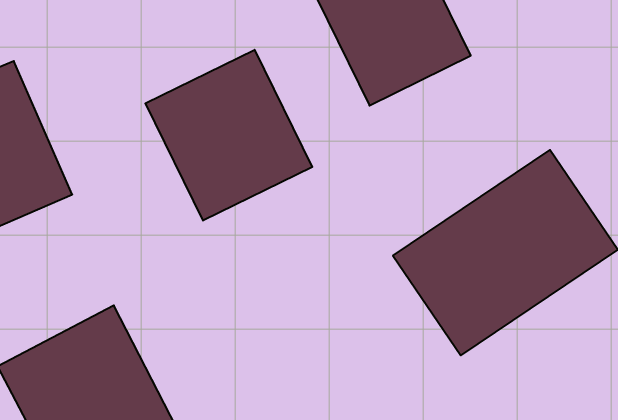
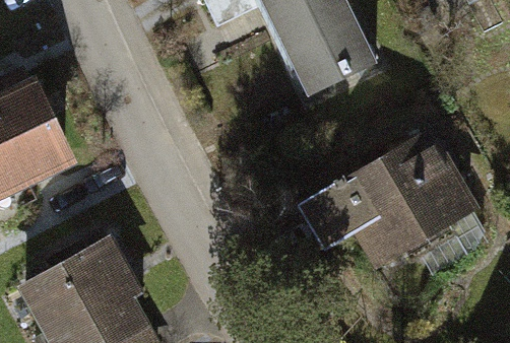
building: [145,50,312,221] -> none

